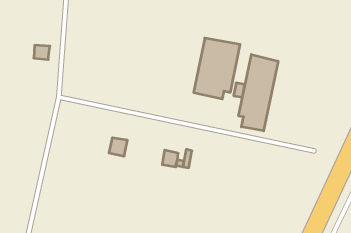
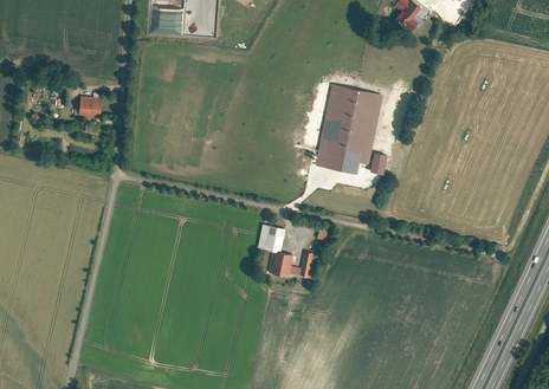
building: [239,54,278,131] -> none
building: [109,138,127,156] -> [257,225,284,252]

